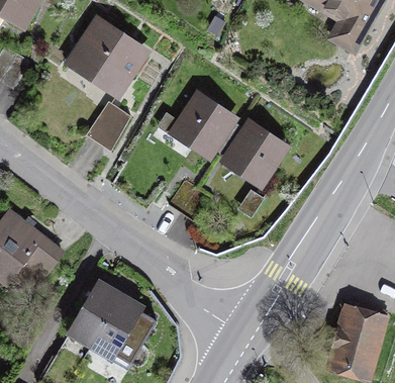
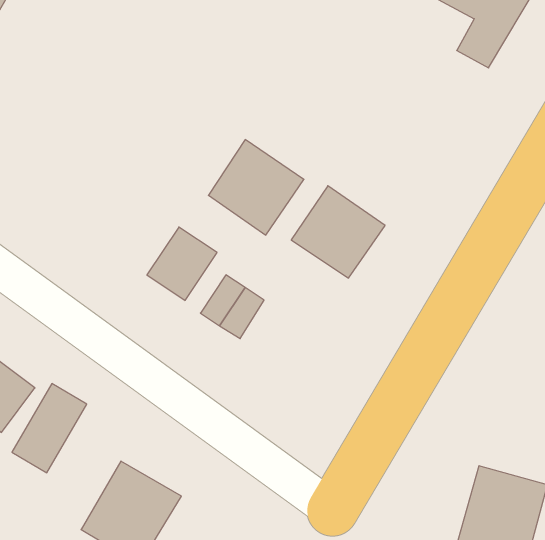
building: [70,17,144,93] -> none
building: [87,99,131,146] -> [147,227,217,300]
building: [70,283,117,340] -> [12,384,87,473]

